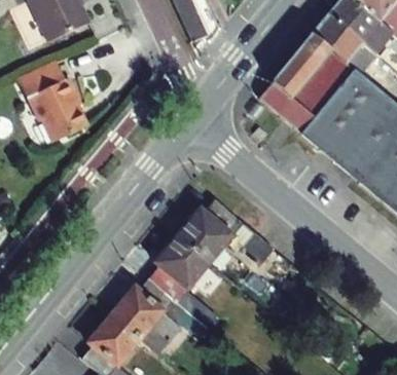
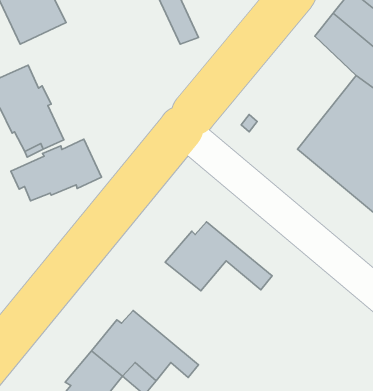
building: [252,32,350,134] -> none
building: none -> [11,139,101,201]
building: [150,234,219,326] -> none

